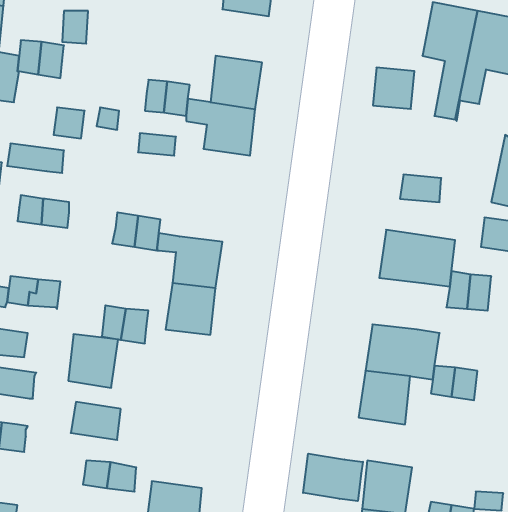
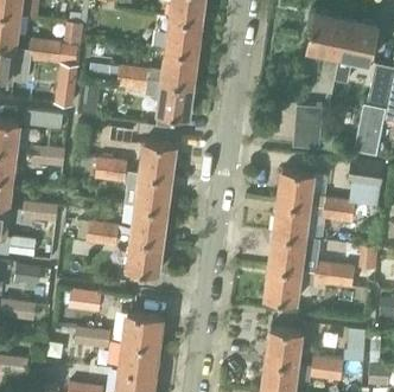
building: none -> [166,17,203,53]
building: [373,68,414,109] -> [296,104,324,133]
building: none -> [141,140,176,176]
building: none -> [274,201,310,237]
building: [68,334,118,388] -> [128,237,163,274]
building: none -> [122,314,160,346]
building: [303,454,363,501] -> none

